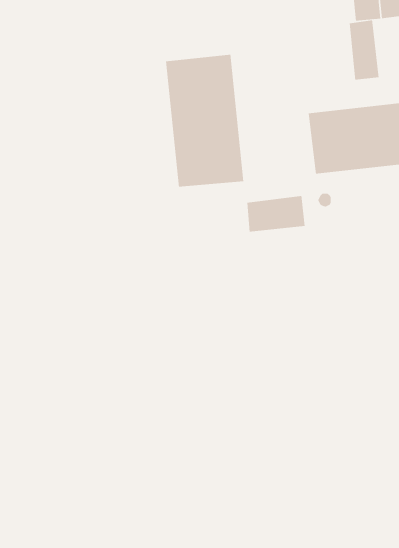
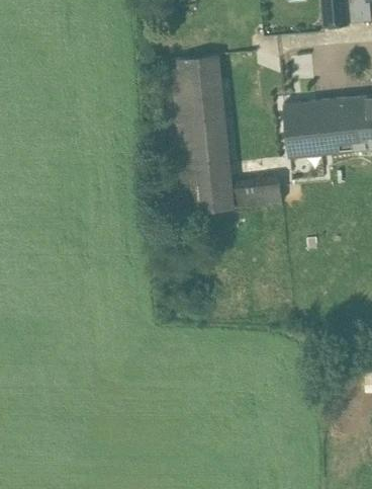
building: [349,20,379,80] -> none
building: none -> [174,164,235,214]

